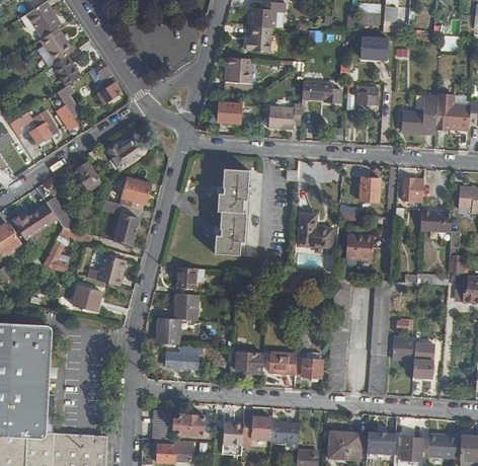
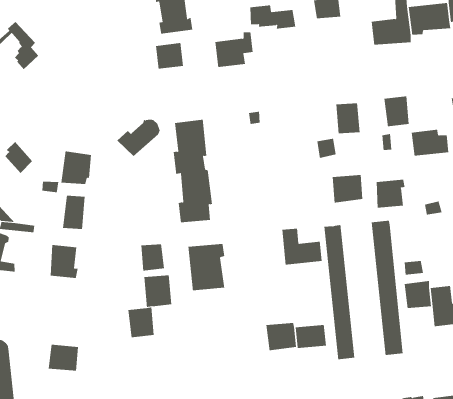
building: [105,137,144,167] -> [117,119,160,157]
building: [299,214,332,246] -> [281,228,323,265]
building: none -> [376,179,405,209]
building: none -> [188,243,225,291]
building: [72,285,101,311] -> [48,344,79,371]
building: [164,344,200,370] -> none
building: [228,351,257,378] -> none

